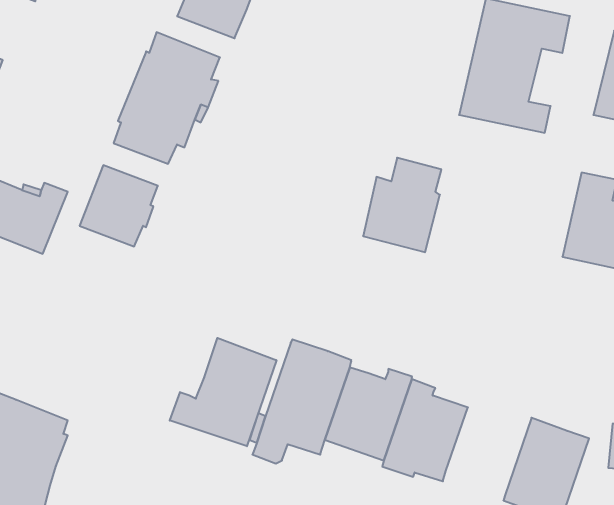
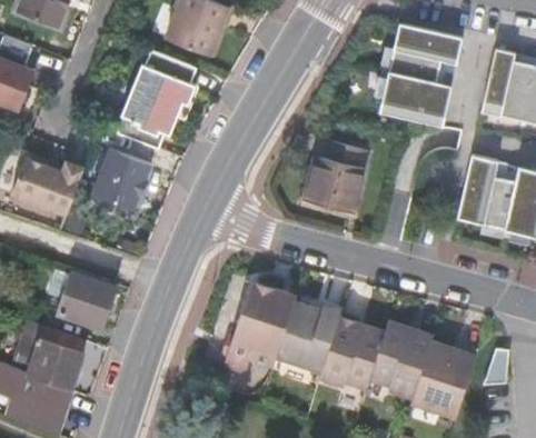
building: none -> [56,273,115,335]
building: [170,338,276,446] -> none
building: none -> [368,320,434,399]

